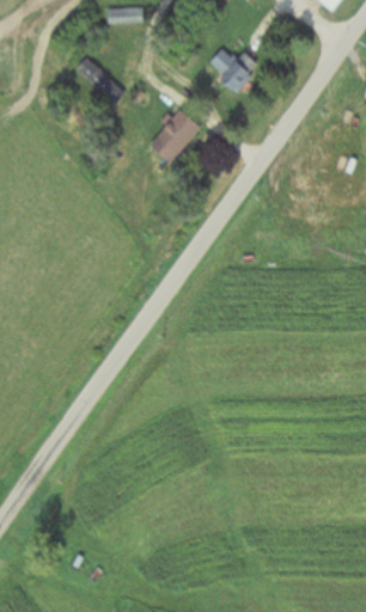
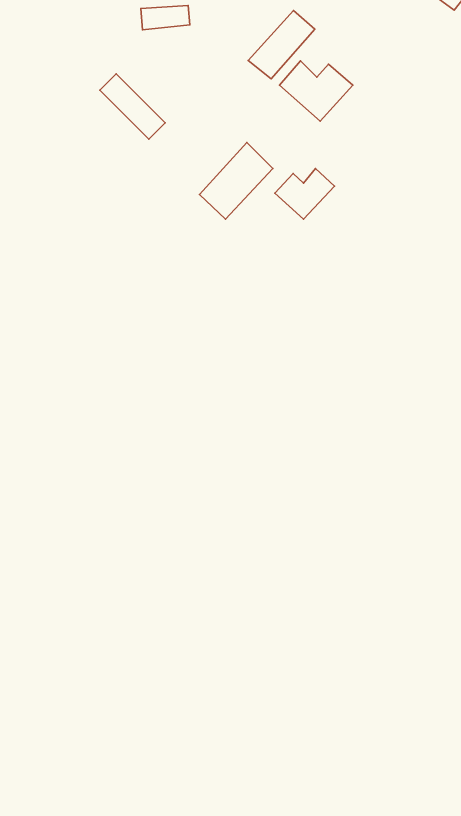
building: none -> [248,10,315,79]
building: none -> [275,168,334,219]

